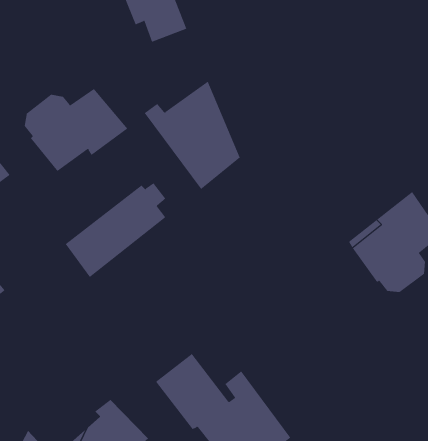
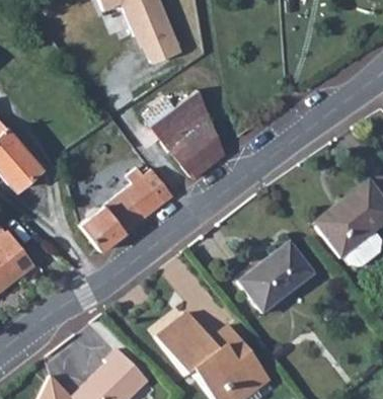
building: [24,88,128,172] -> none
building: none -> [237,244,311,313]

